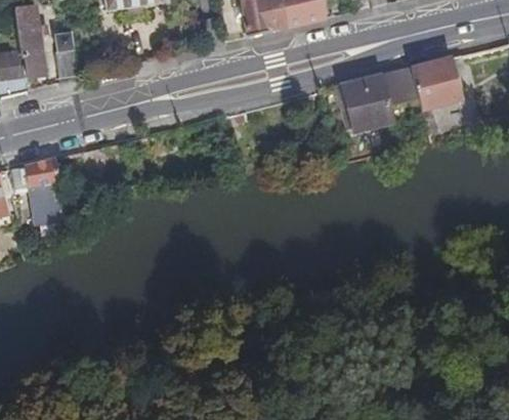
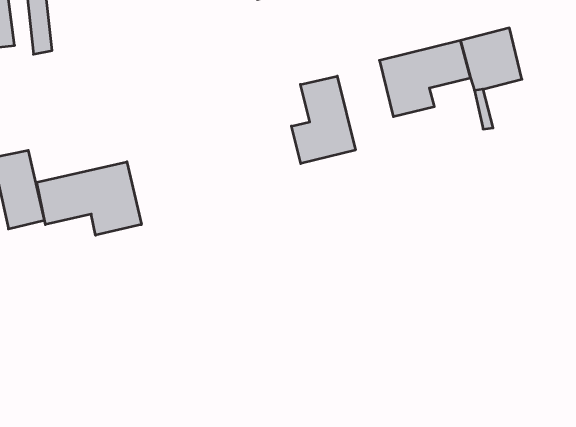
building: none -> [291,76,355,164]
building: none -> [37,162,141,235]

